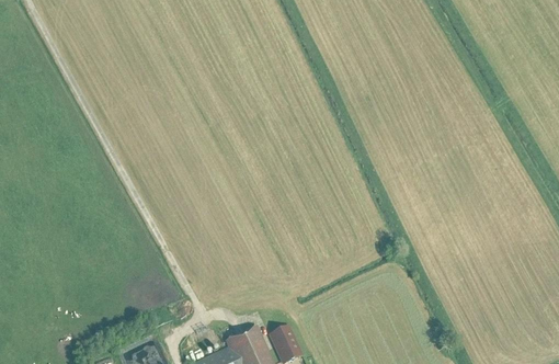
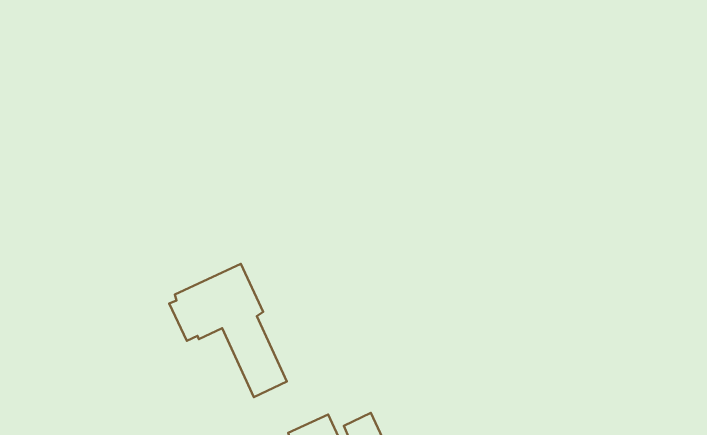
building: none -> [169,264,287,397]

